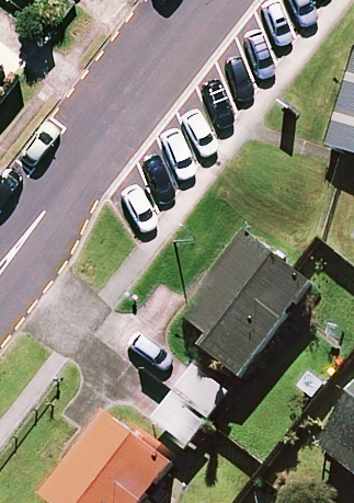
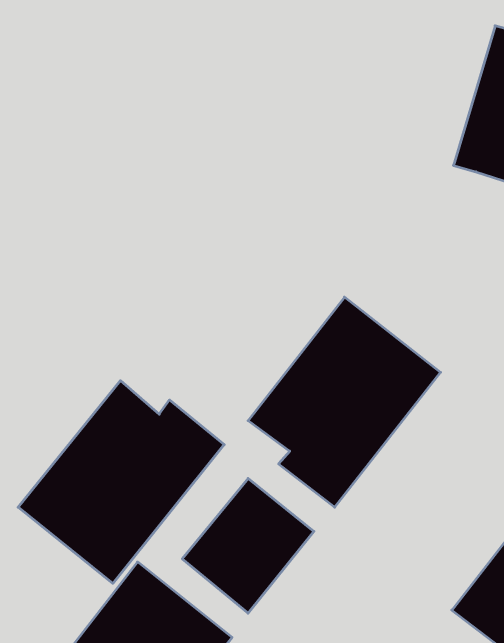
building: none -> [18,381,224,583]

